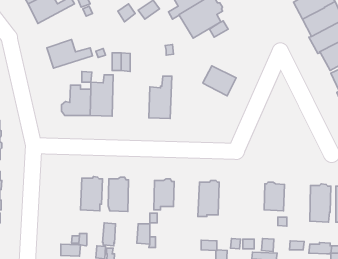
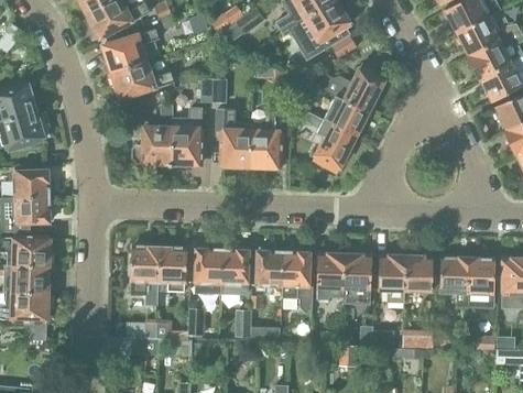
building: none -> [103,28,159,72]
building: none -> [312,66,385,112]
building: none -> [283,98,356,168]
building: none -> [215,109,251,166]
building: none -> [129,244,160,304]
building: none -> [221,248,249,294]
building: none -> [282,250,313,313]
building: none -> [342,251,372,305]
building: none -> [379,253,406,291]
building: none -> [439,254,468,306]

